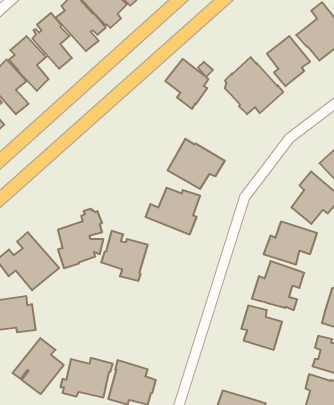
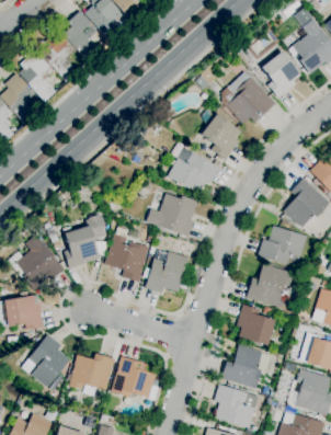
building: [165,59,208,109] -> [201,113,241,160]
building: none -> [146,249,189,293]
building: none -> [221,344,272,389]

